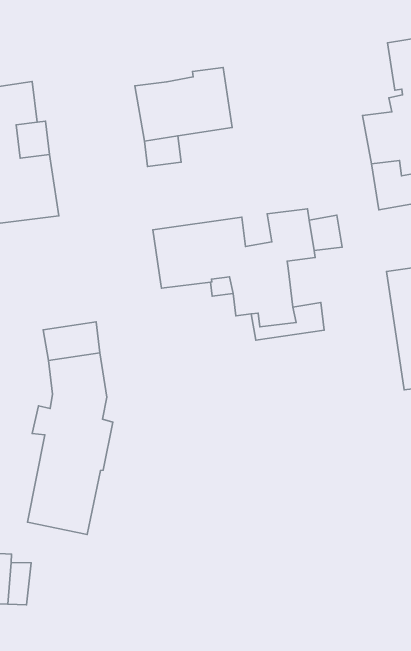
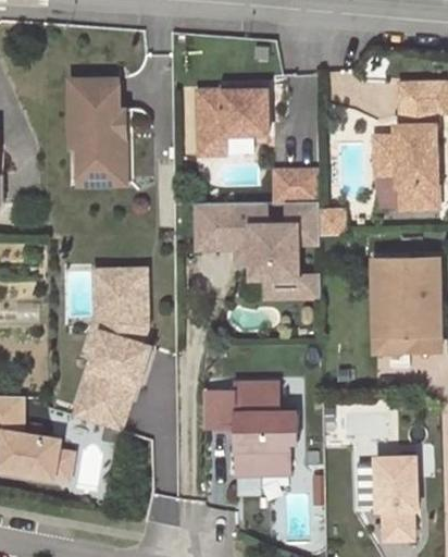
building: none -> [275,171,319,202]
building: none -> [204,383,298,475]

